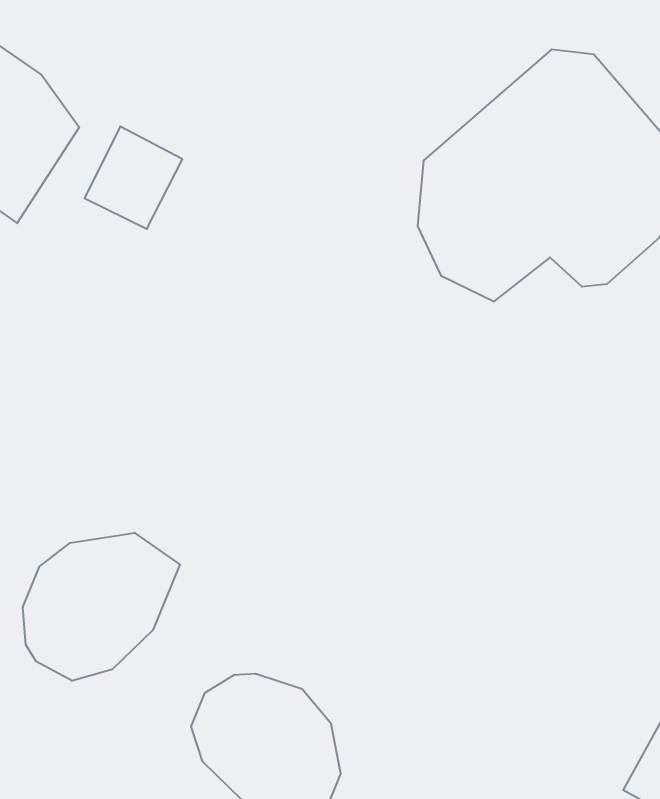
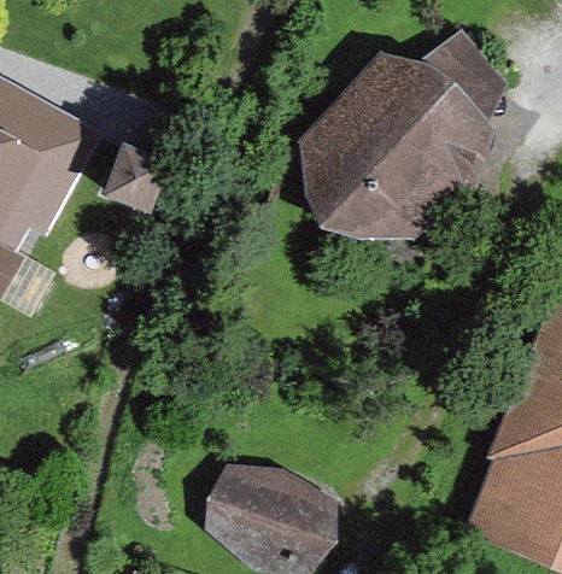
building: [23,533,180,681] -> none

